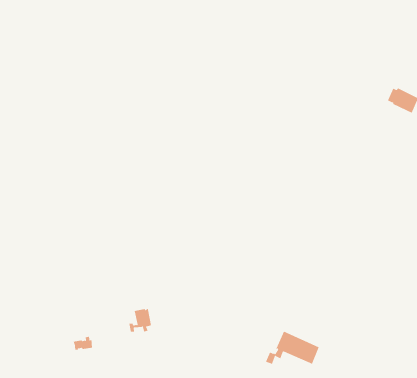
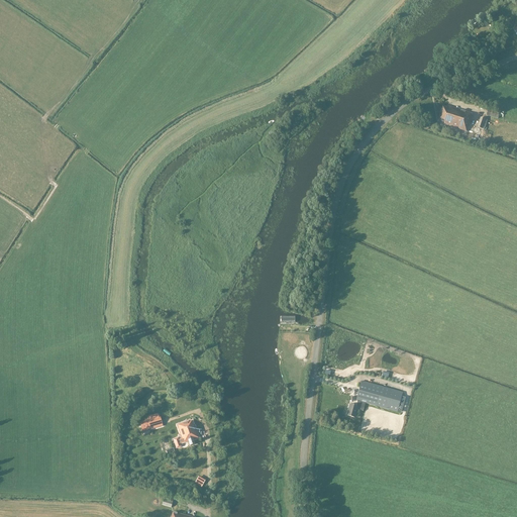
building: [128,308,152,332] -> [174,419,199,447]

